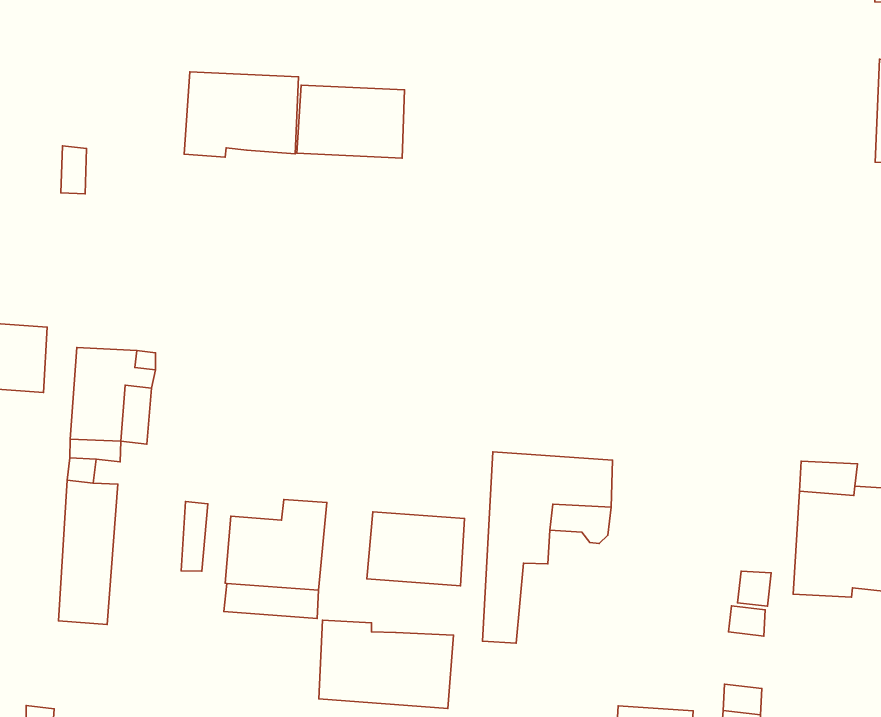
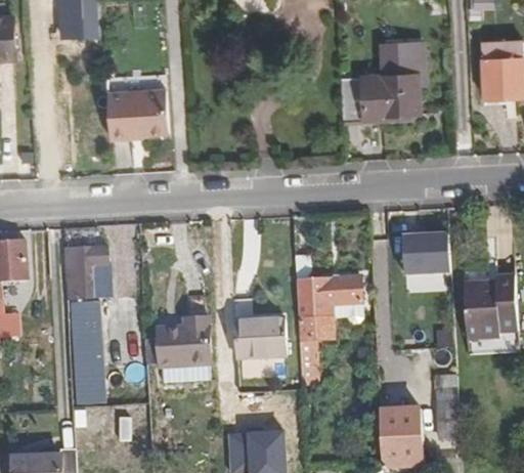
building: none -> [341,40,420,123]
building: [297,85,404,158] -> none
building: none -> [406,230,460,291]
building: [319,620,454,708] -> none

